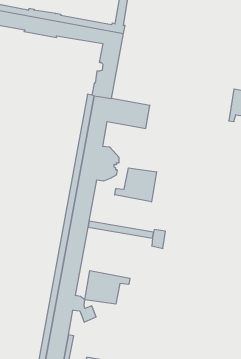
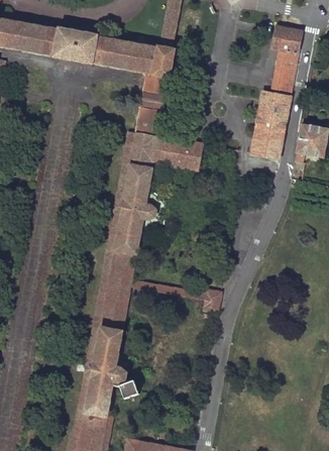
building: none -> [251,25,302,157]
building: [115,168,157,202] -> none
building: [85,271,130,304] -> none

